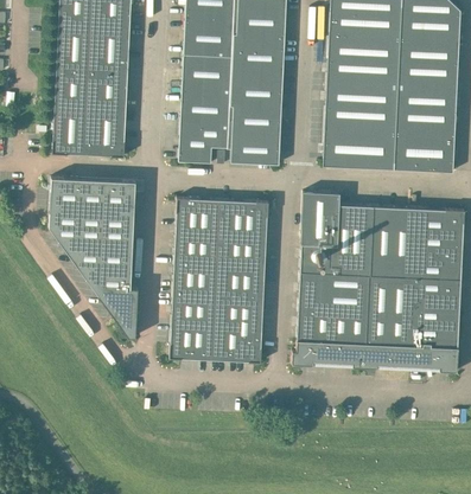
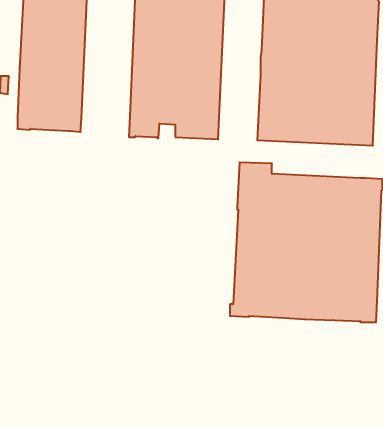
building: [49,177,147,336] -> none
building: [168,197,268,363] -> none

